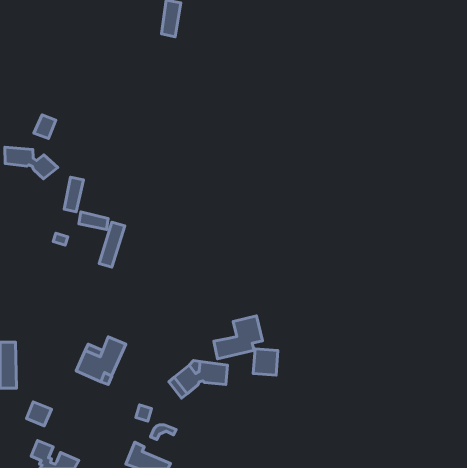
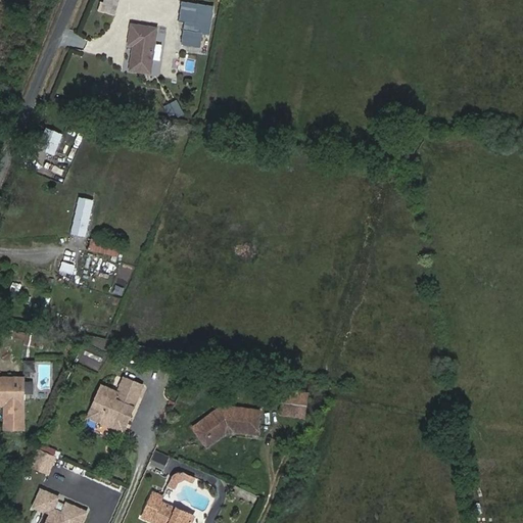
building: none -> [128,23,155,69]
building: [5,147,58,179] -> none
building: [214,316,263,359] -> none

